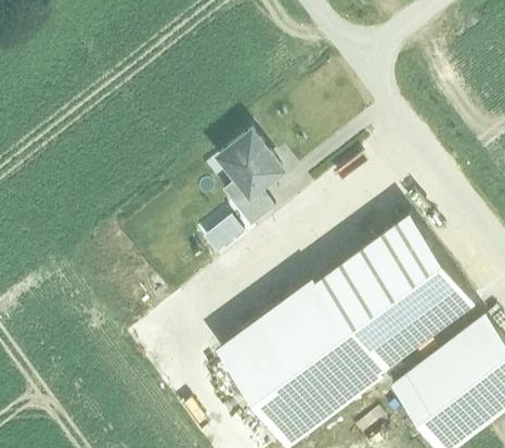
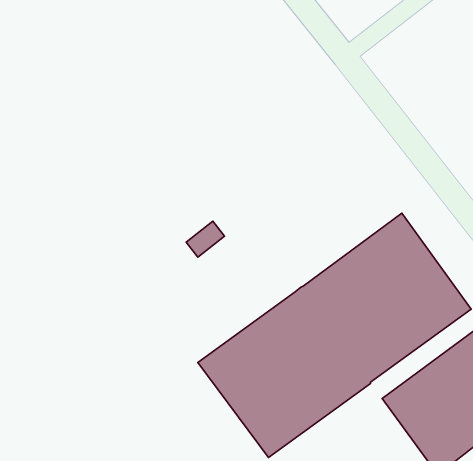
building: [218,132,281,229] -> none

